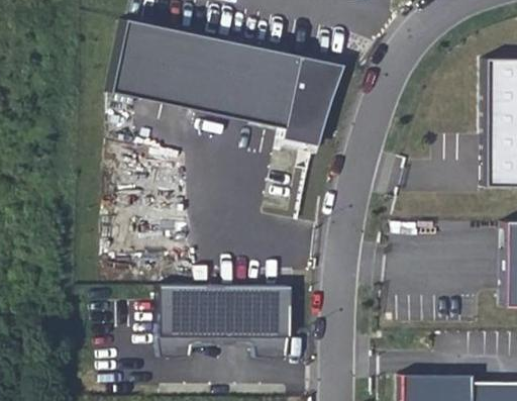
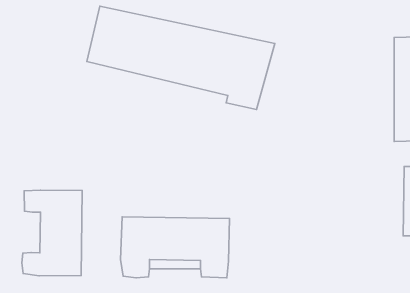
building: none -> [22,190,82,276]

